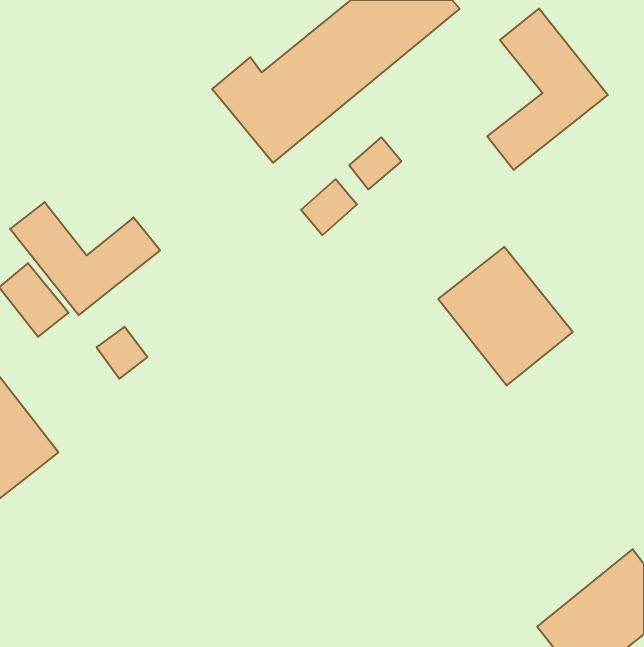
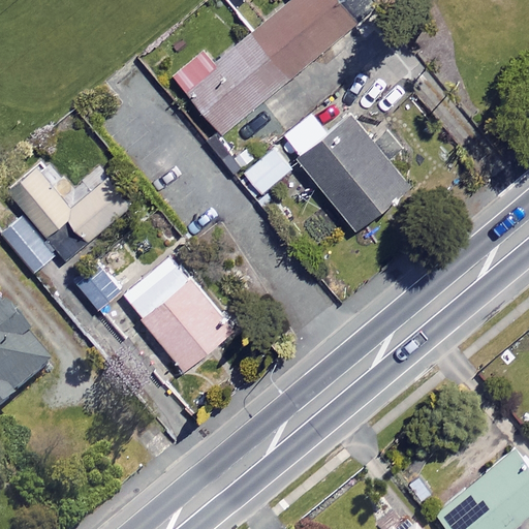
building: [487,8,608,170] -> none
building: [438,247,573,385] -> [301,118,410,230]
building: none -> [124,255,232,370]

